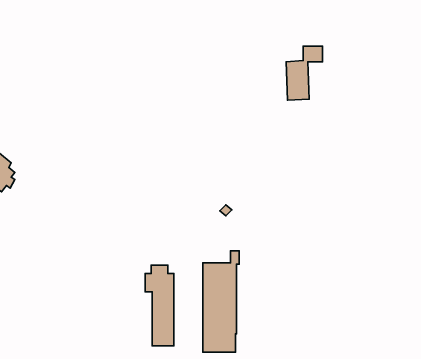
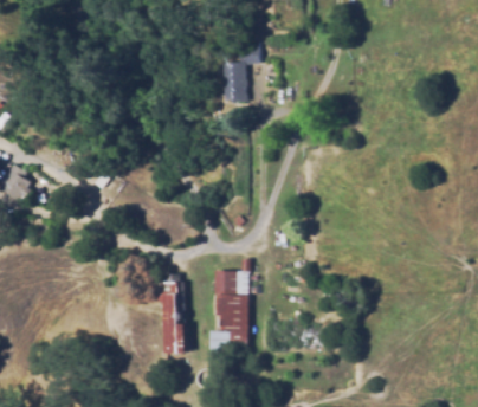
building: [286,46,322,100] -> [220,49,256,102]

